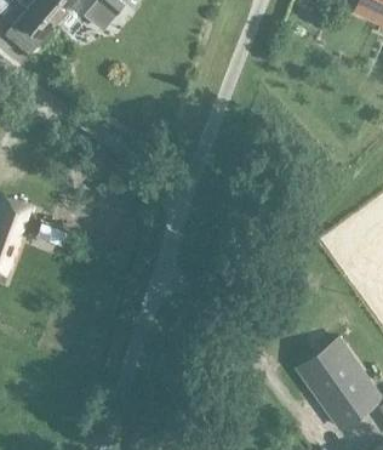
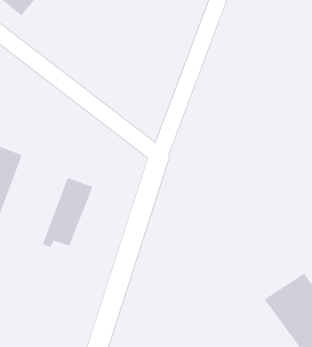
building: none -> [42,177,93,248]

